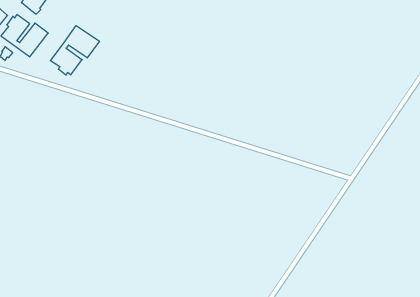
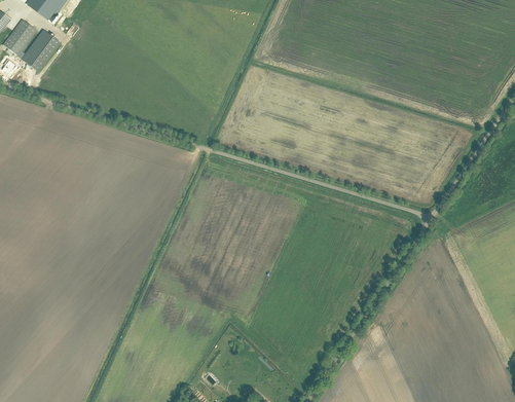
building: [50,26,99,75] -> none

